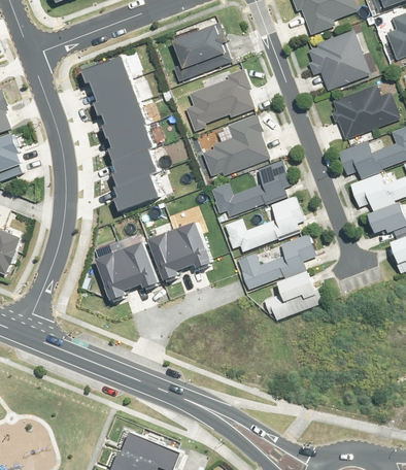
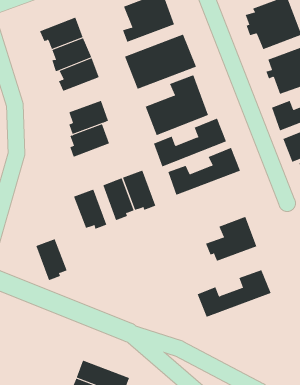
building: [110,122,156,159] -> none
building: [236,234,317,287] -> [197,269,271,318]
building: [98,250,133,297] -> [35,238,67,281]

